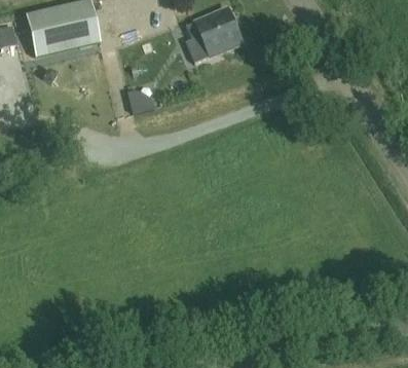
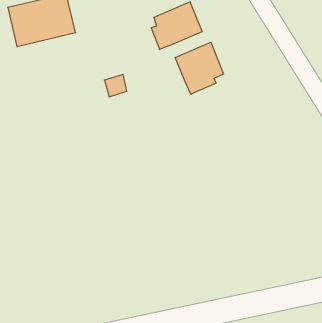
building: none -> [175,42,223,94]

